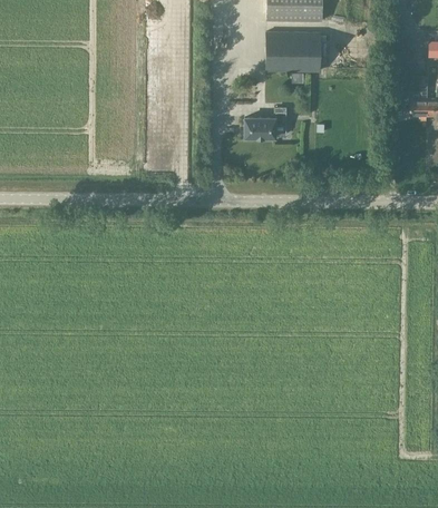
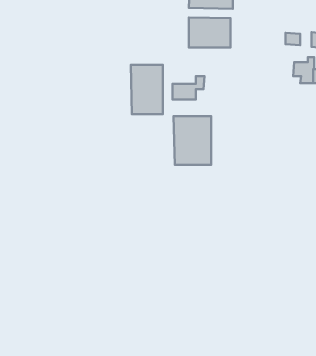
building: none -> [131,65,163,114]
building: none -> [174,116,211,165]

